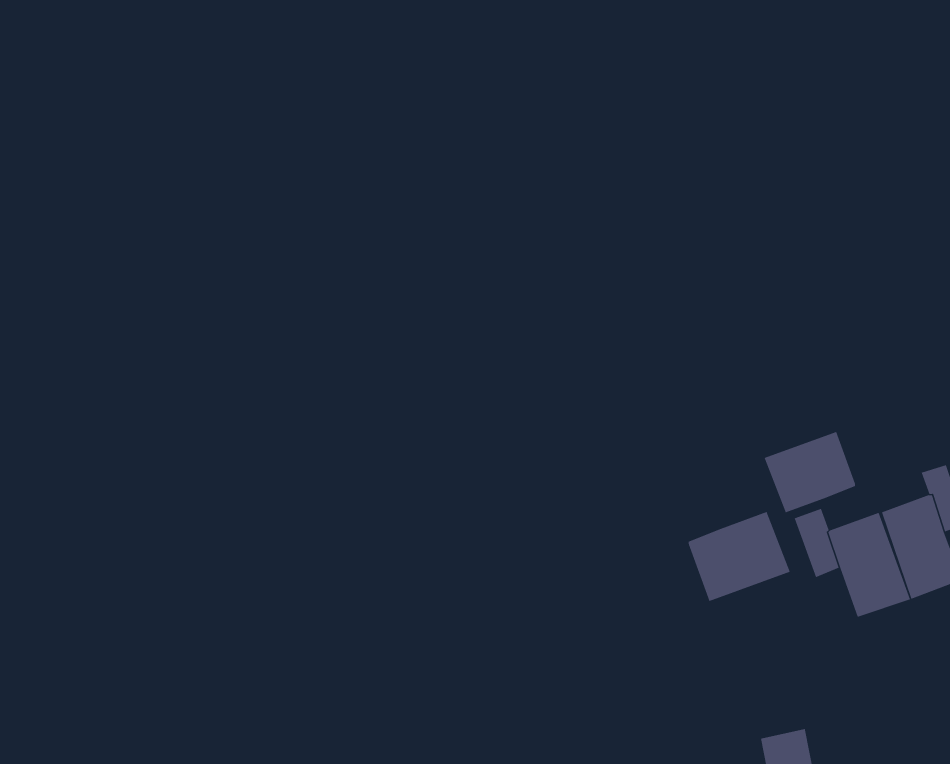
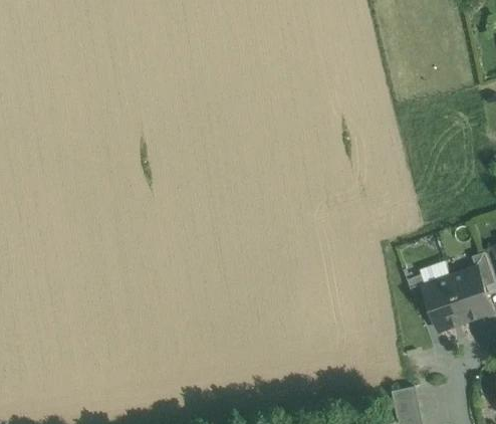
building: [764,431,856,513] -> none
building: [688,511,791,602] -> none

